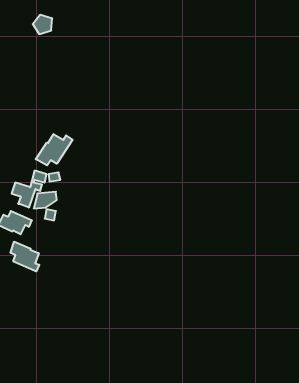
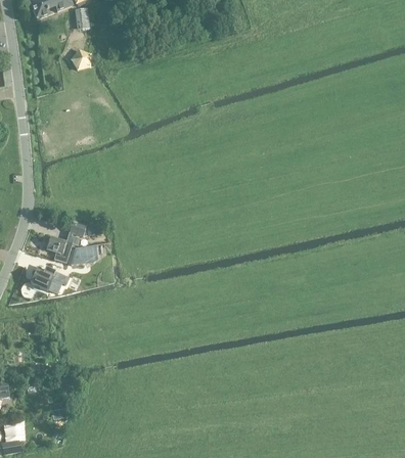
building: [36,134,73,165] -> none
building: [11,242,39,271] -> none

